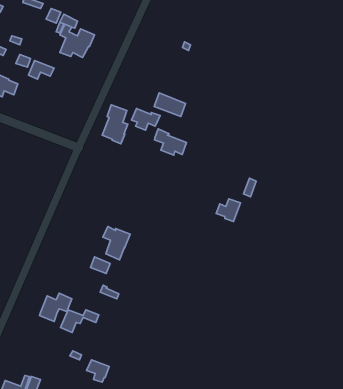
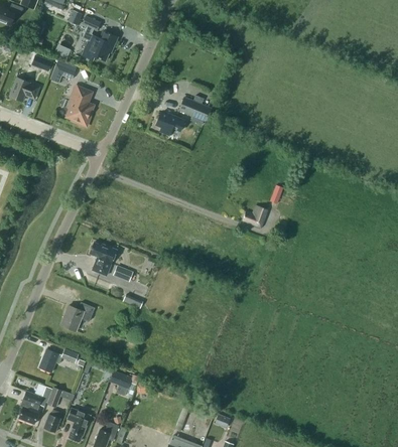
building: [102,105,128,144] -> [67,86,93,126]
building: [154,129,187,155] -> none
building: [103,226,130,260] -> [89,242,117,276]
building: [60,310,99,332] -> [38,349,78,372]

